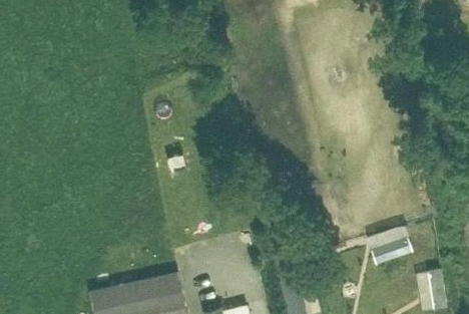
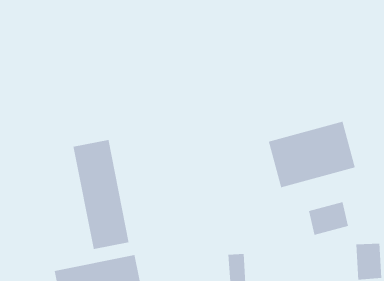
building: none -> [268,121,356,188]
building: none -> [73,139,129,250]

